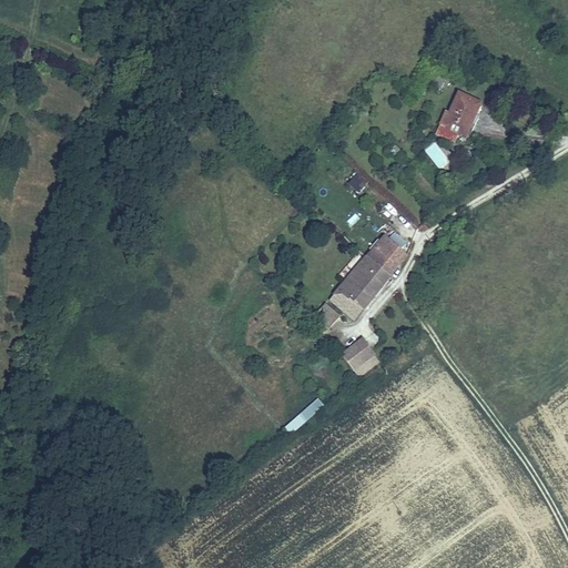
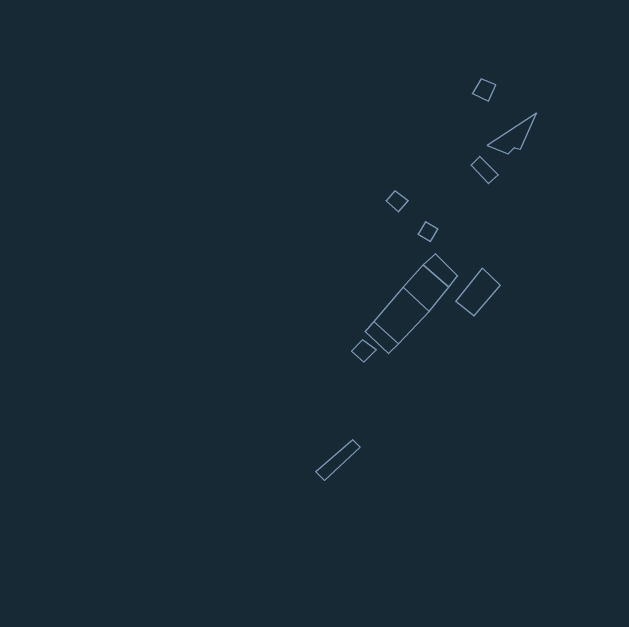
building: [437,93,483,131] -> none
building: none -> [456,268,500,316]
building: [344,342,379,376] -> none

